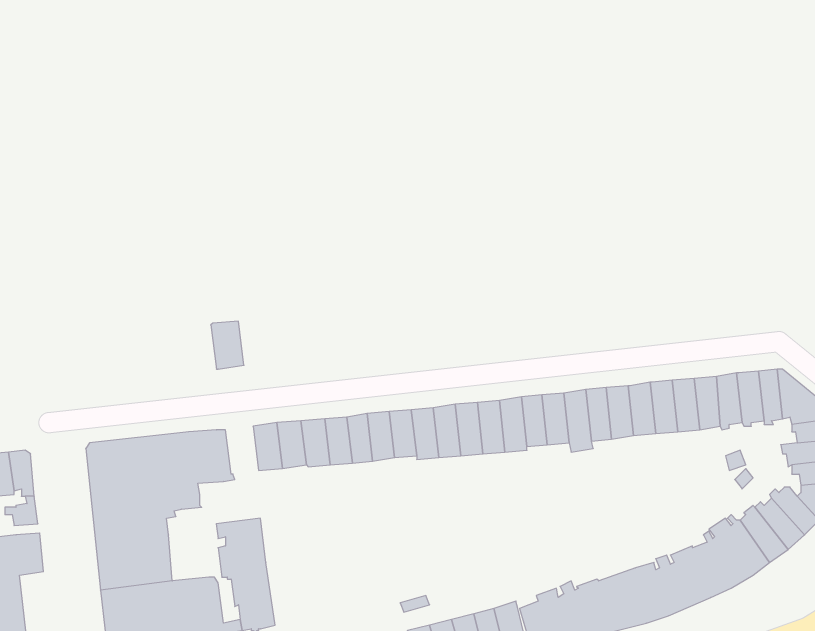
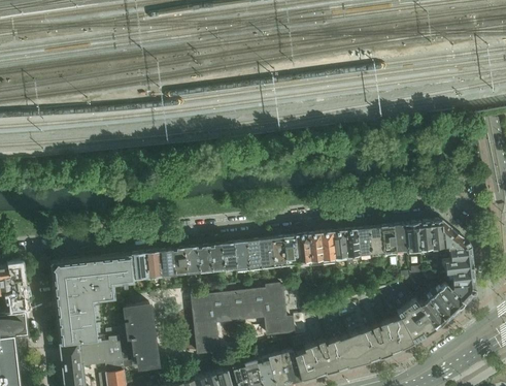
building: [211,321,244,369] -> [129,253,147,280]
building: none -> [192,287,292,354]

